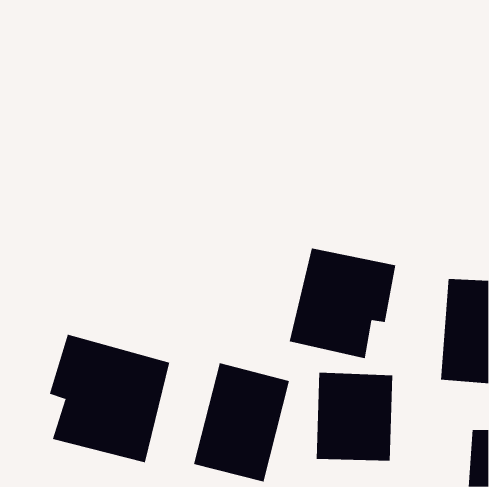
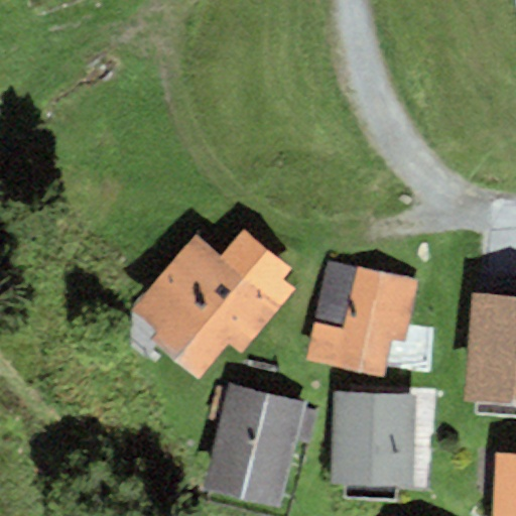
building: none -> [130,229,294,381]
building: [49,334,170,463] -> none

